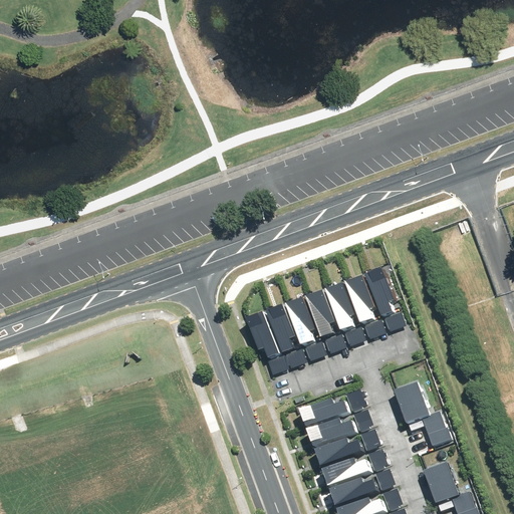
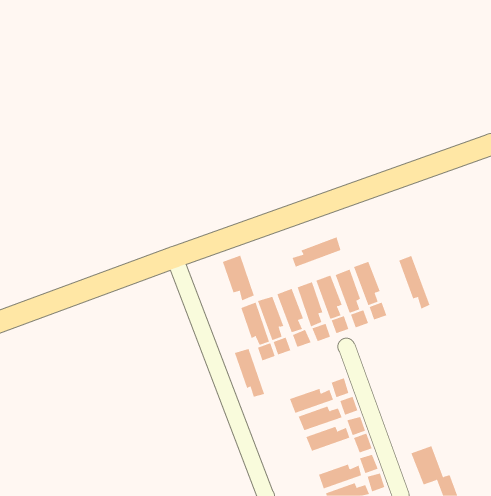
building: none -> [292,236,341,268]
building: none -> [222,255,255,301]
building: none -> [399,255,430,310]
building: none -> [234,348,265,397]
building: [396,381,446,444] -> none
building: [323,458,369,485] -> none

